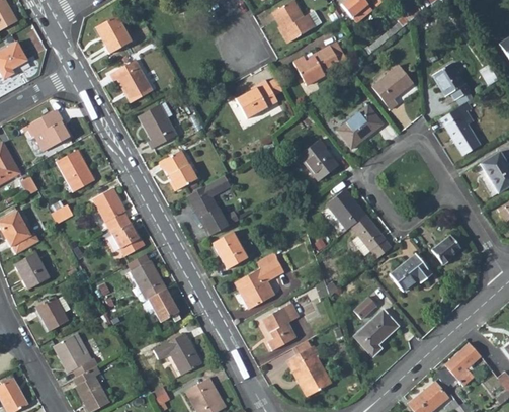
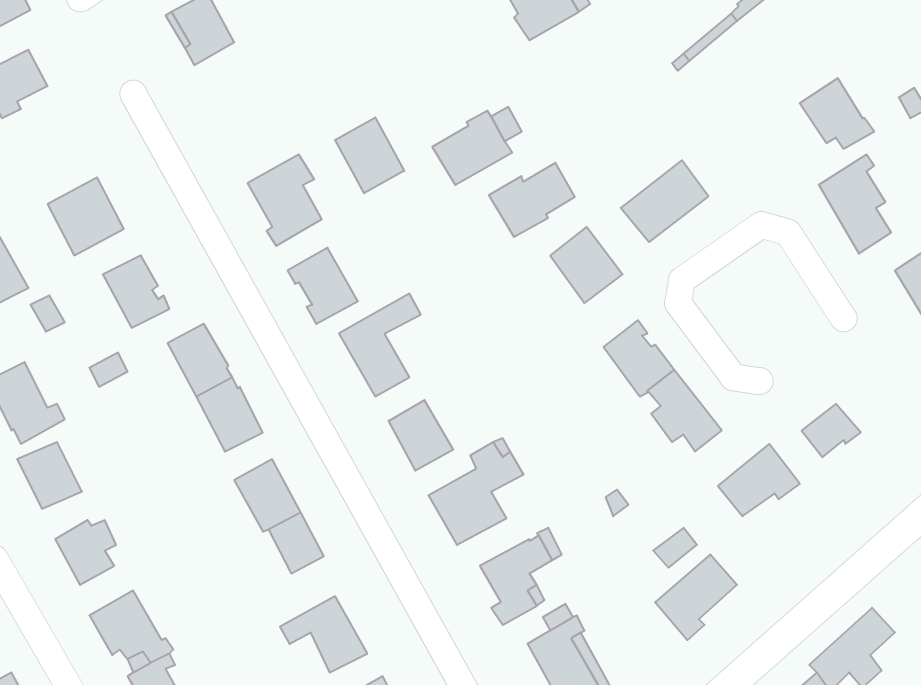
building: [293,44,339,83] -> [489,163,575,237]
building: [109,60,152,102] -> none
building: [372,65,413,108] -> none
building: none -> [335,117,404,193]

